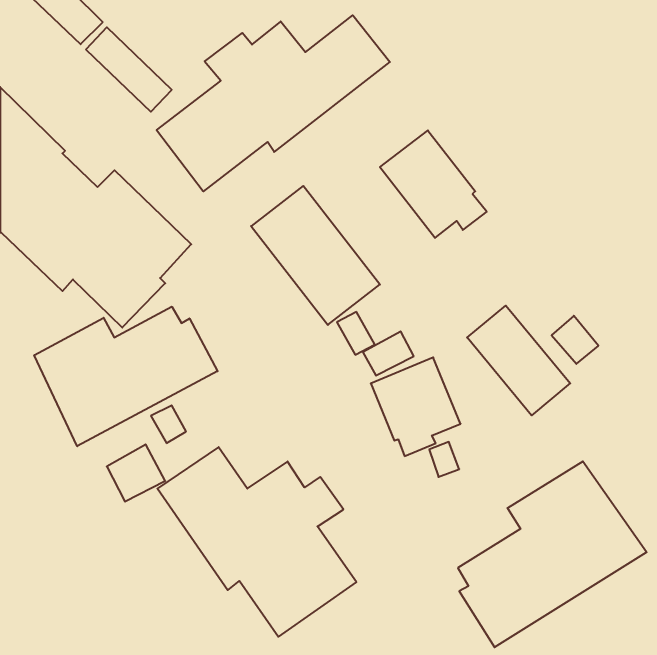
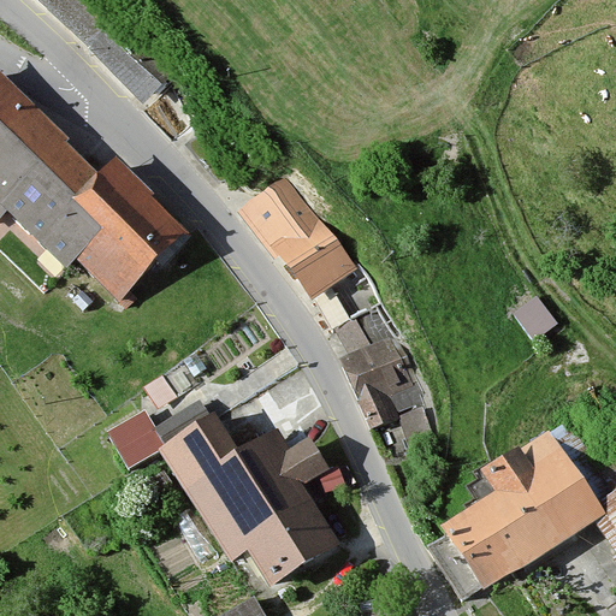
building: [157,15,390,191] -> none
building: [380,130,487,238] -> none
building: [467,306,570,415] -> none
building: [34,307,218,446] -> none

